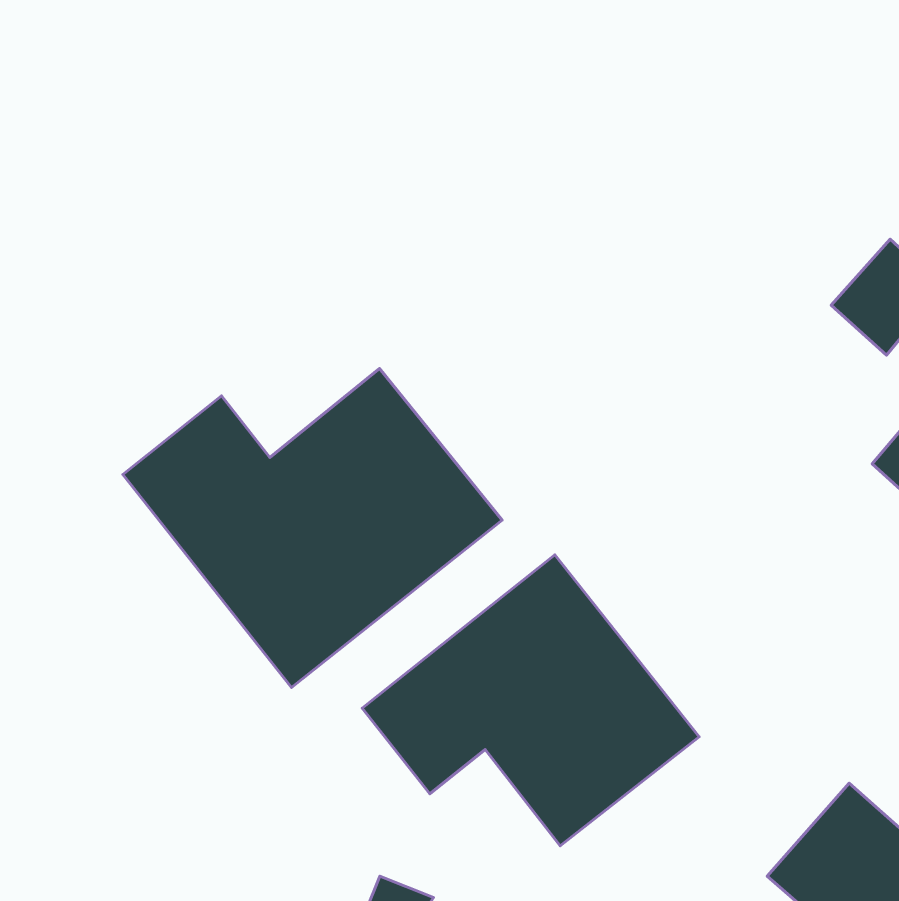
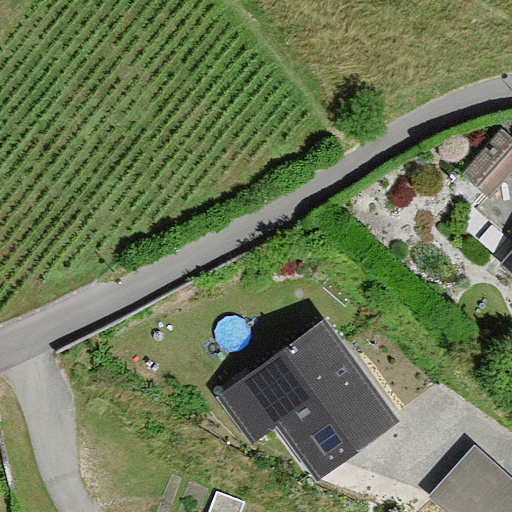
building: [123,369,502,688] -> none

